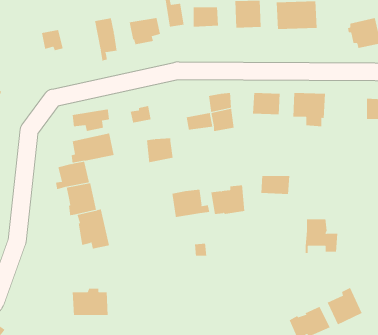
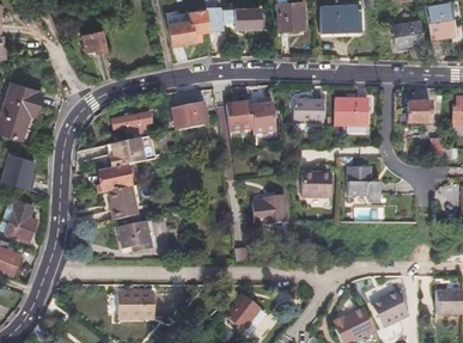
building: [95,18,117,61] -> none
building: [146,138,173,163] -> [224,94,251,120]
building: [172,189,210,218] -> none
building: [305,219,338,253] -> [347,167,380,202]
building: none -> [226,294,266,333]

